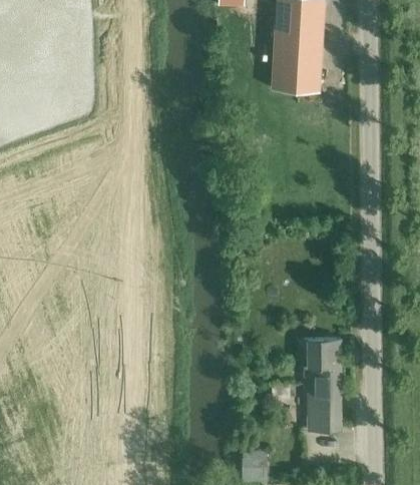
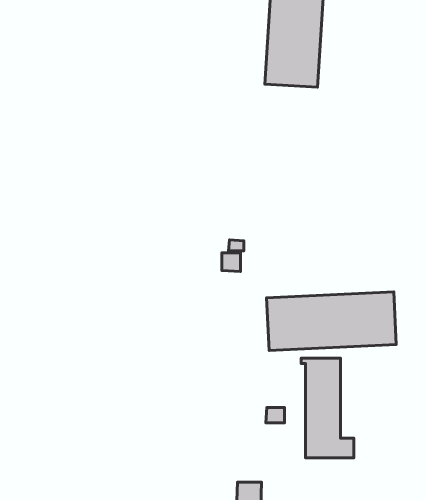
building: none -> [267,292,396,350]

